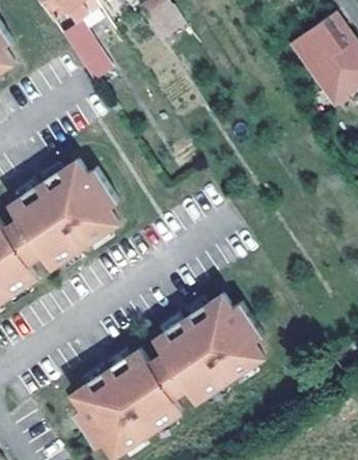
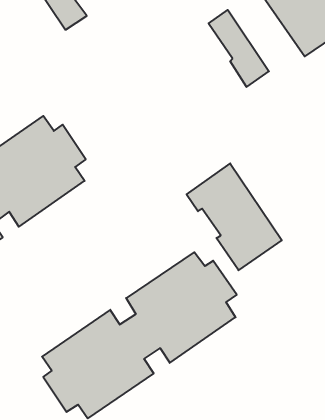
building: none -> [209,10,269,87]
building: none -> [187,163,282,270]

